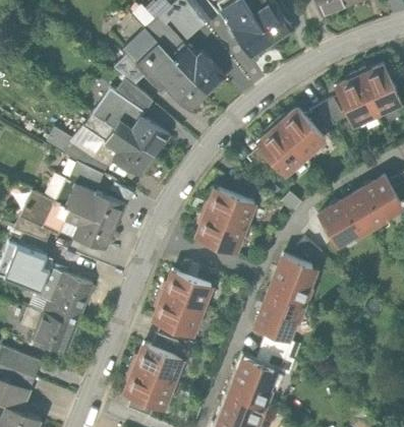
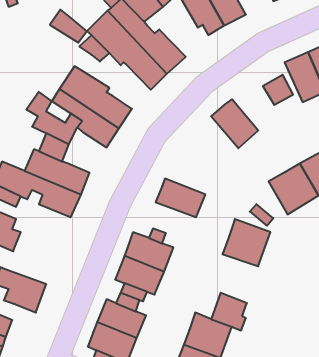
building: [115,76,155,112] -> [50,10,87,43]
building: [278,107,327,158] -> none
building: [206,185,258,227] -> none
building: [33,267,92,323] -> none
building: [255,291,306,339] -> none

